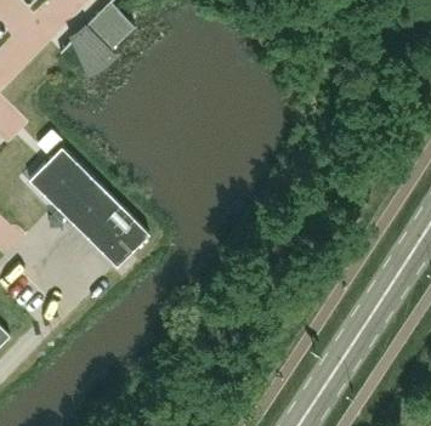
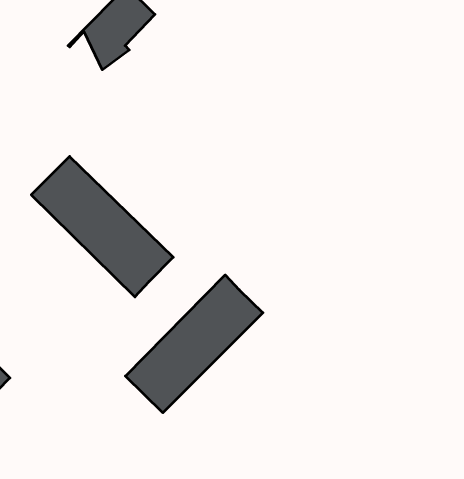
building: none -> [125,275,263,413]

